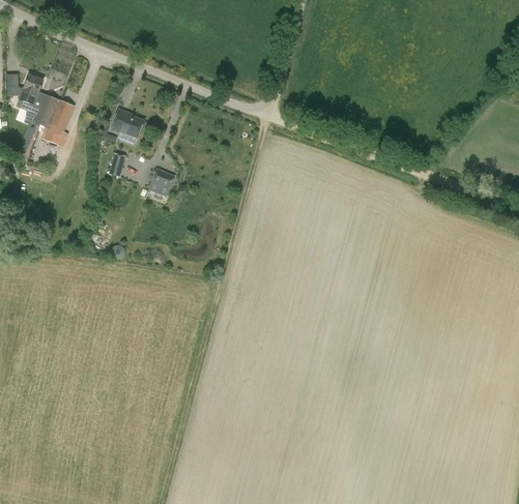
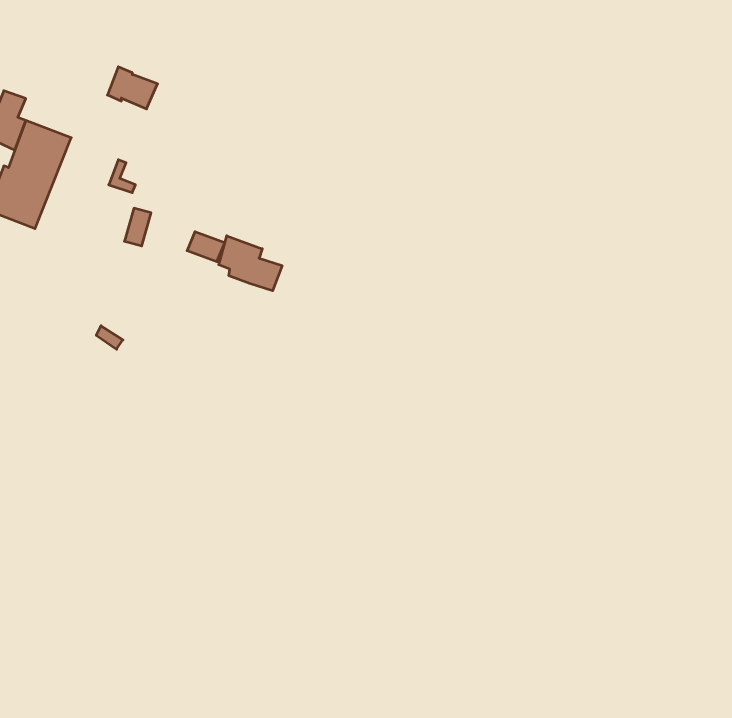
building: [112,109,145,137] -> [107,67,158,109]
building: none -> [219,236,282,291]

